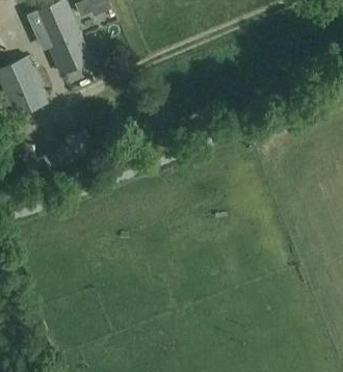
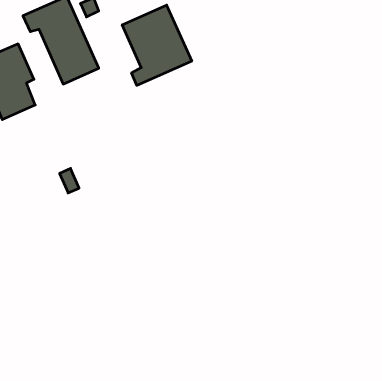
building: none -> [122,5,192,85]

